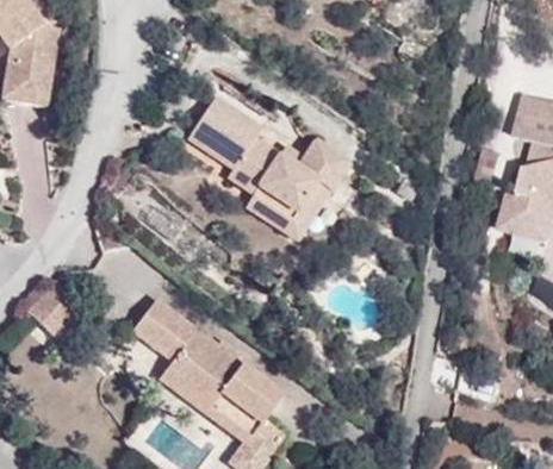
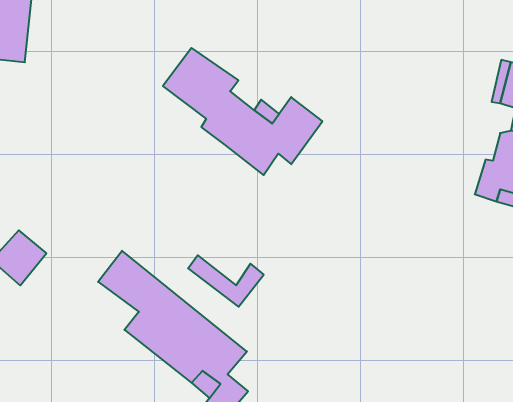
building: [241,187,316,238] -> [188,255,264,307]

